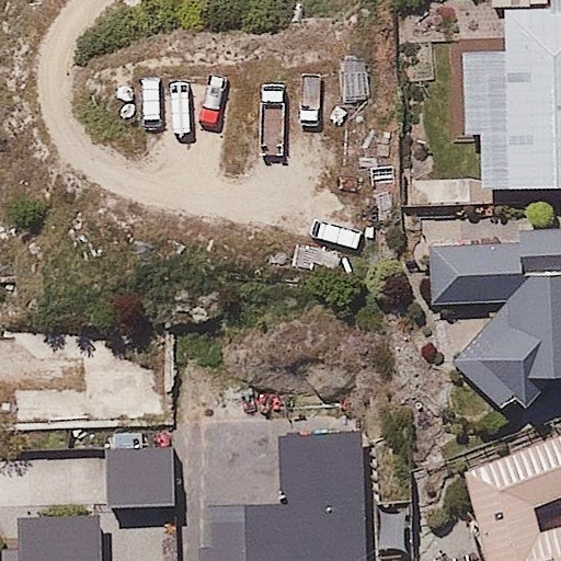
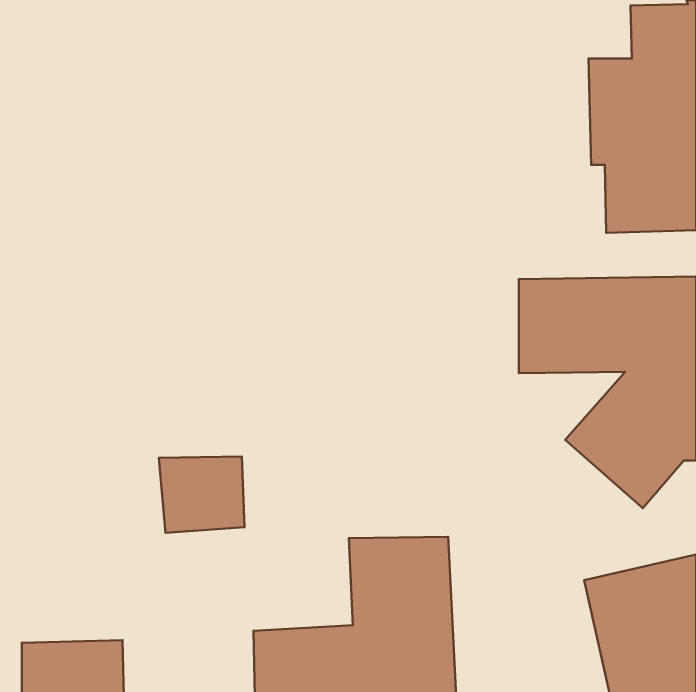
building: [105,450,174,512] -> [159,456,245,533]

